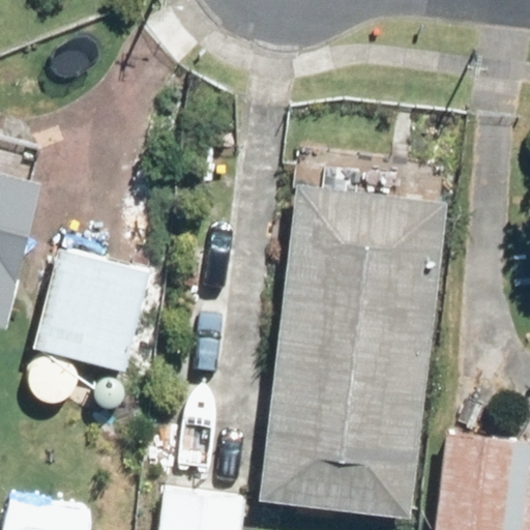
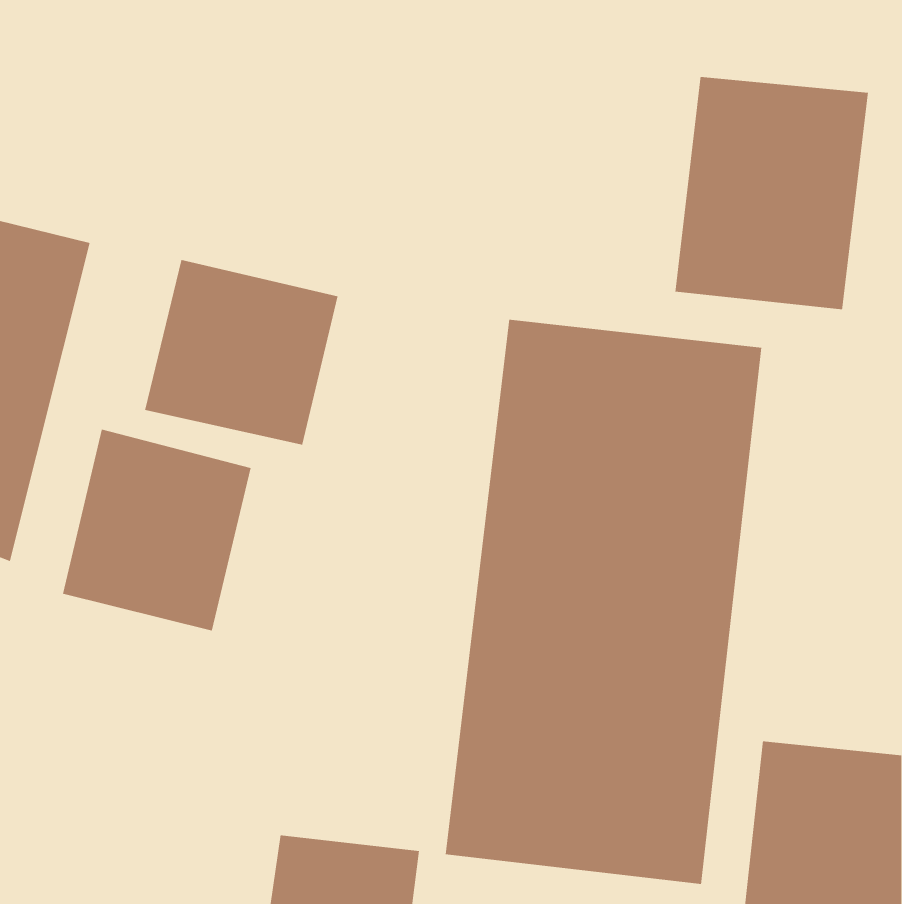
building: none -> [675,76,868,310]
building: none -> [144,259,338,446]

